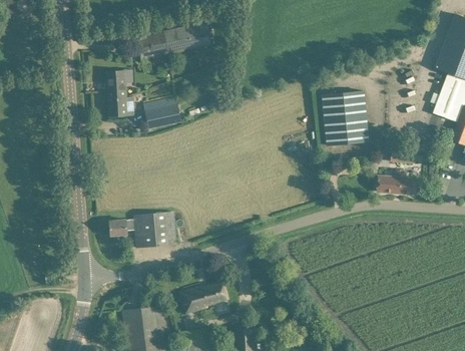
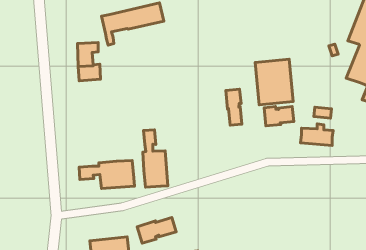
building: [143,97,180,128] -> none
building: none -> [226,89,242,125]
building: none -> [264,106,294,126]
building: none -> [143,130,168,187]

